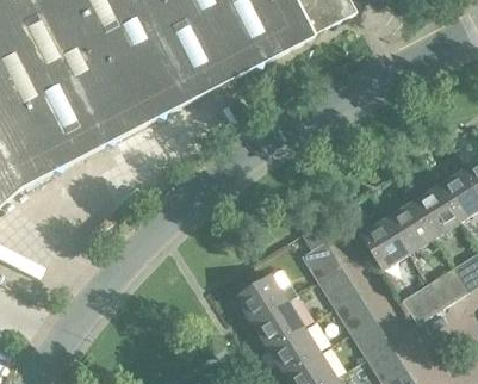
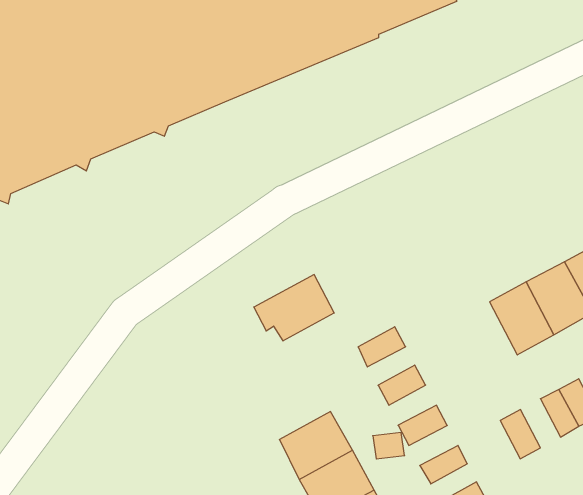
building: [362,218,411,270] -> none
building: [232,275,287,322] -> [254,275,334,341]

